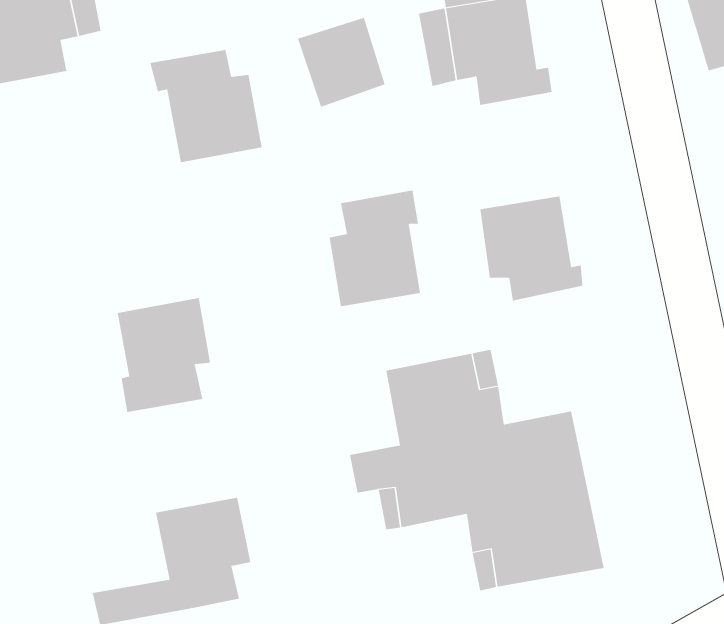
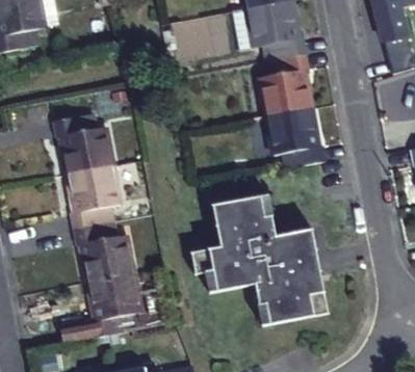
building: [149,50,263,163] -> [49,113,110,175]
building: [329,190,421,307] -> [256,55,306,118]
building: none -> [71,221,131,283]

